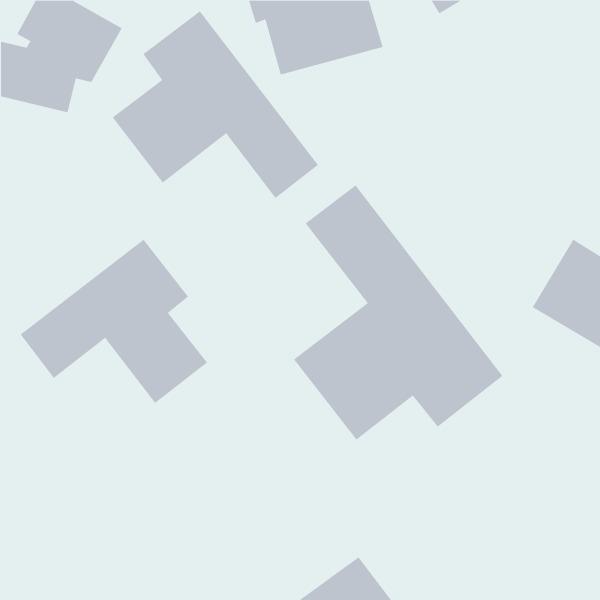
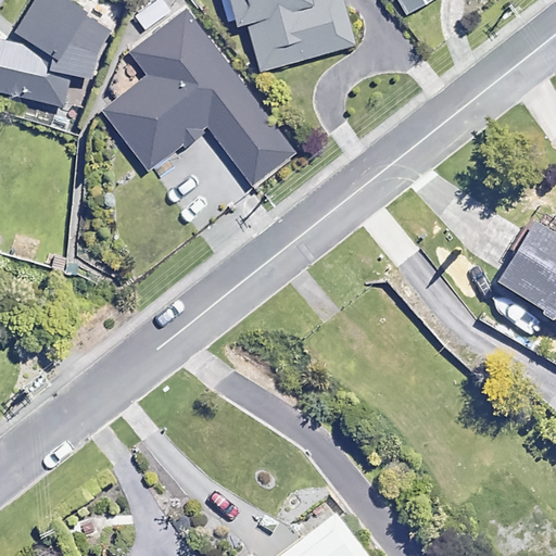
building: [293,185,503,441] -> none
building: [20,239,208,404] -> none

